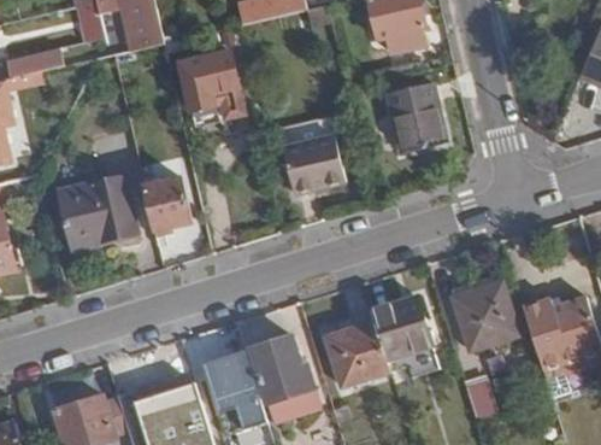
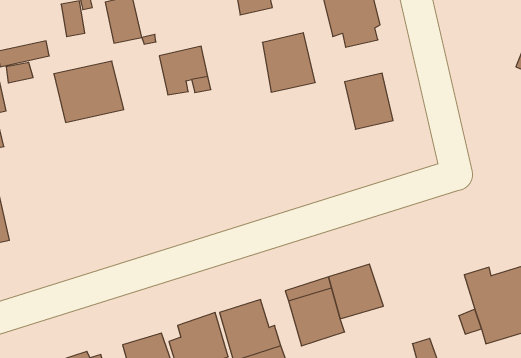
building: [284,127,343,193] -> [262,33,315,92]
building: [142,175,189,232] -> none
building: [58,176,136,245] -> [54,61,124,122]
building: [452,280,517,351] -> none

